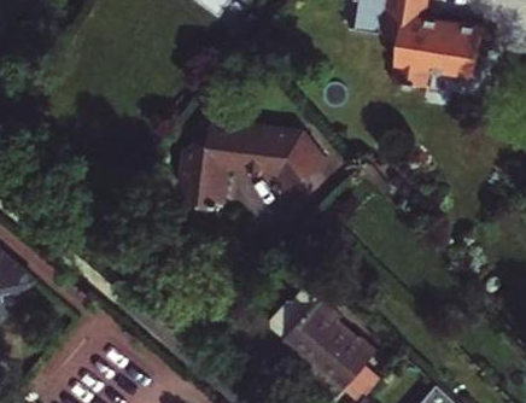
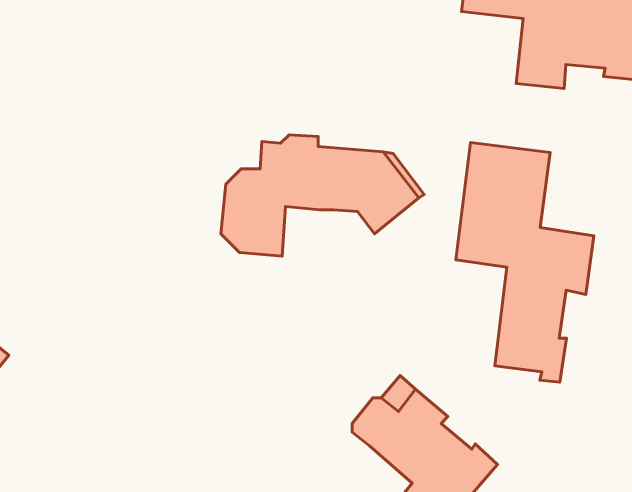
building: none -> [456,142,594,382]

